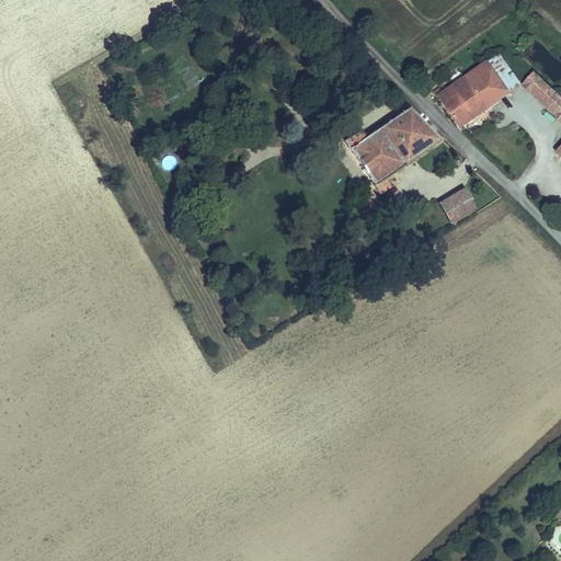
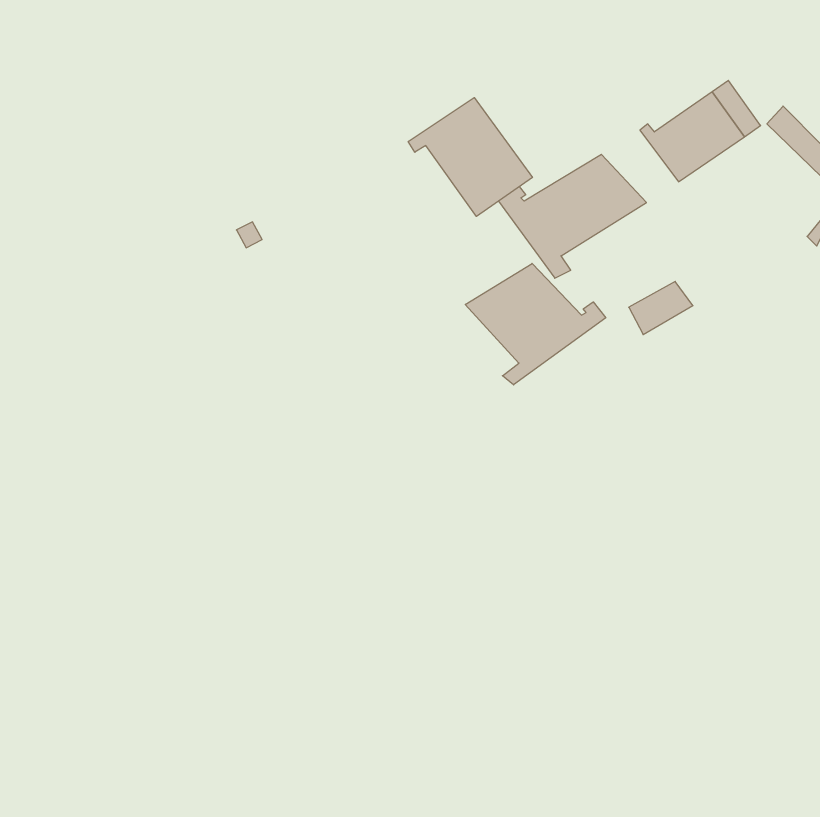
building: none -> [408,98,532,216]
building: none -> [465,263,606,385]

